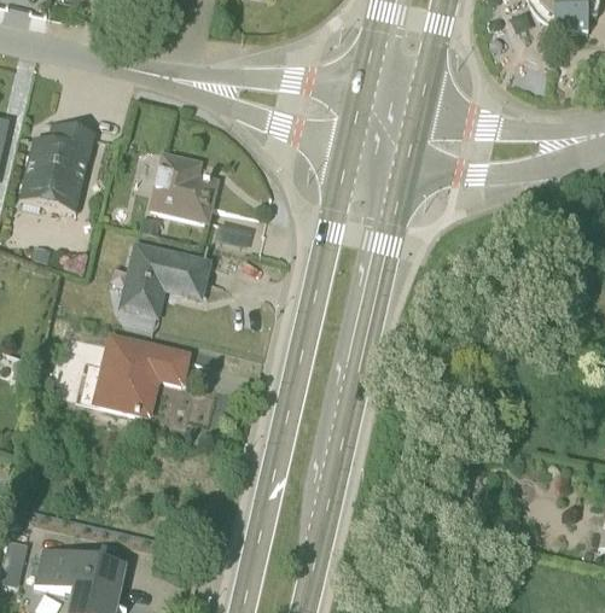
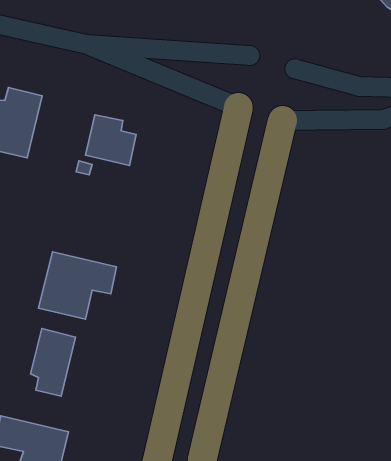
building: [118,244,210,319] -> none
building: none -> [31,329,75,396]

